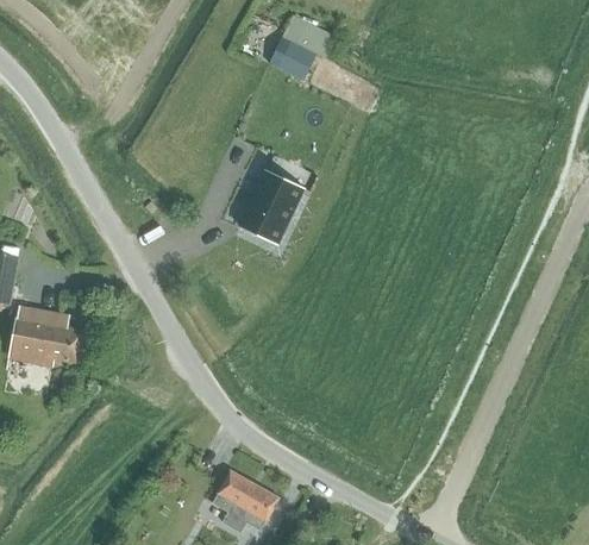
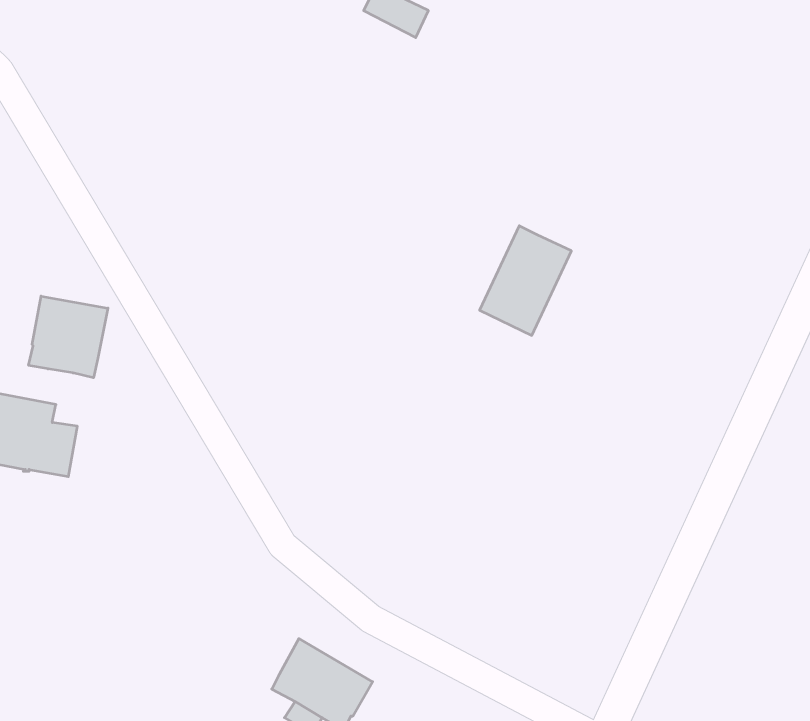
building: [242,170,302,243] -> [480,226,571,335]
building: none -> [29,296,108,378]

